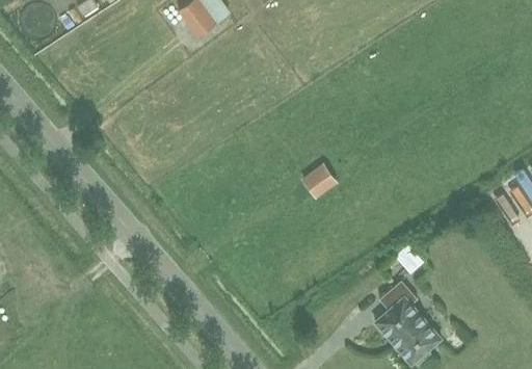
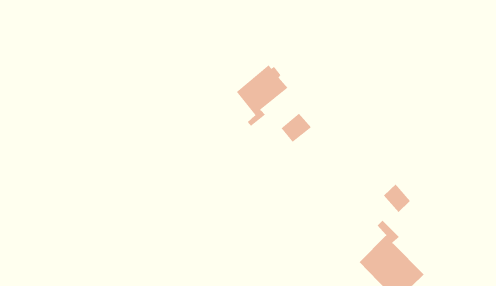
building: none -> [236,64,288,127]

